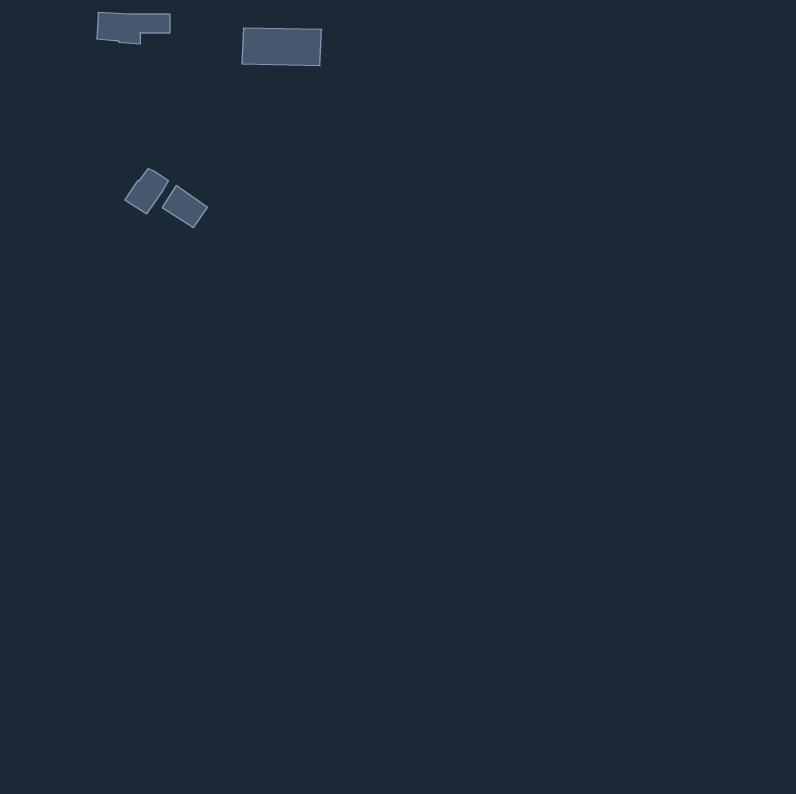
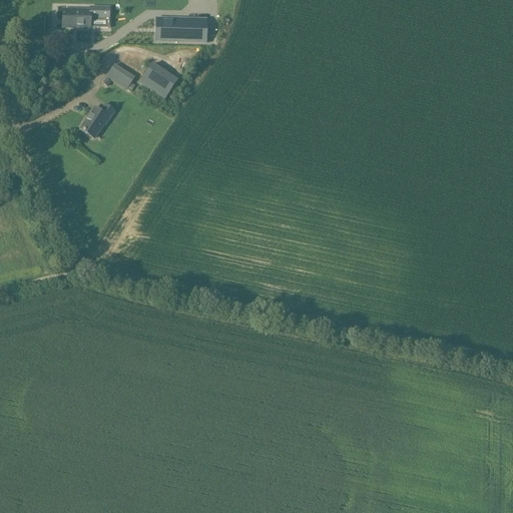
building: none -> [139,62,178,100]
building: [162,186,207,228] -> [107,62,136,89]

